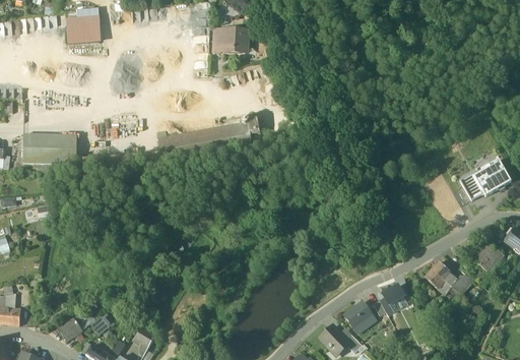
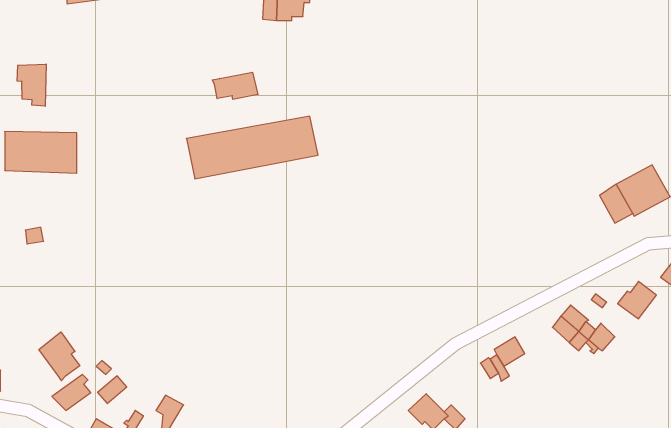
building: none -> [17,64,46,106]
building: none -> [212,72,258,99]
building: none -> [39,332,80,381]
building: [344,301,372,327] -> none

